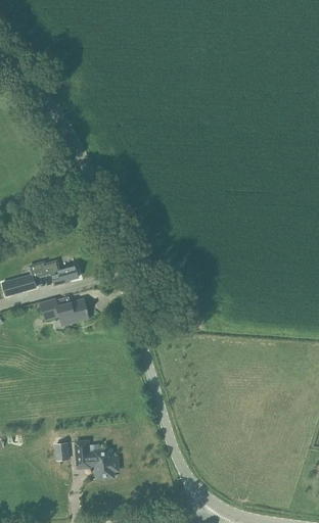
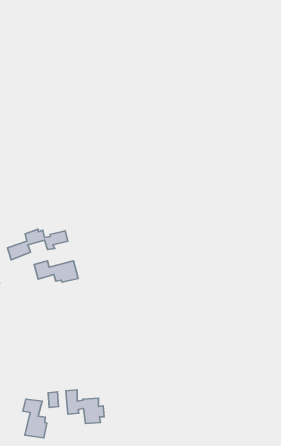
building: none -> [23,399,47,438]

